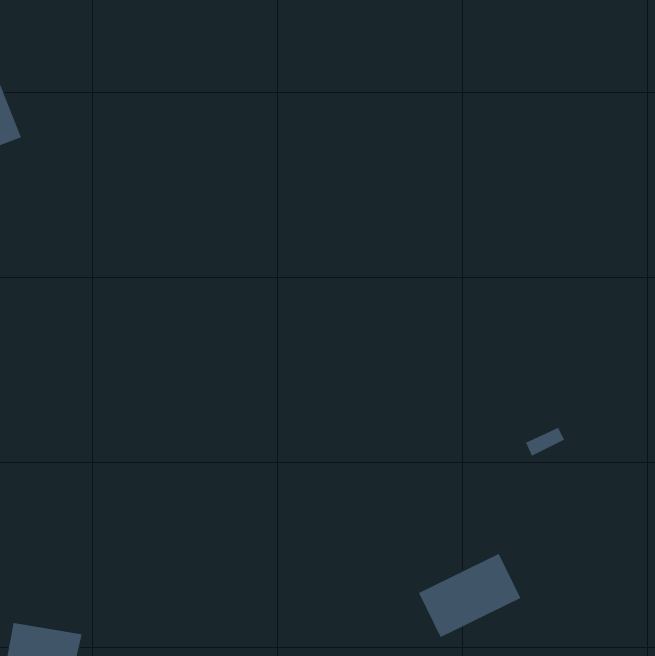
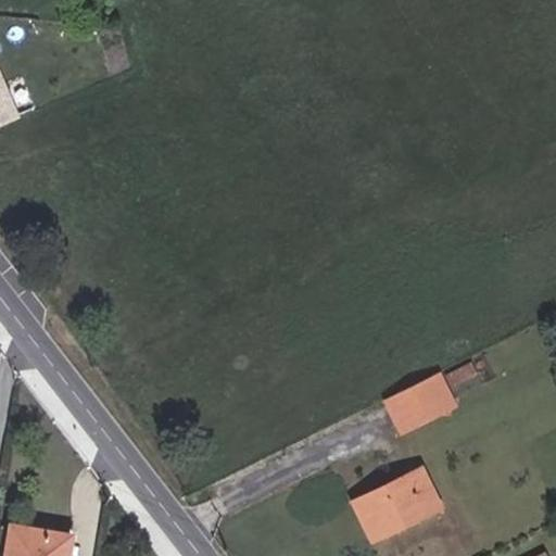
building: none -> [383,371,454,432]

